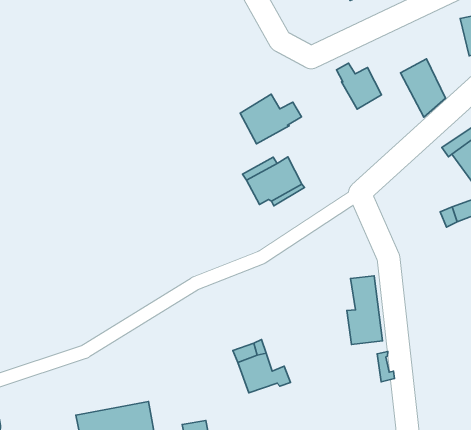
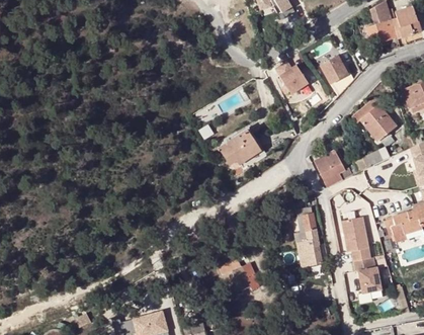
building: [240,94,302,144] -> none
building: none -> [313,150,351,186]
building: none -> [343,216,378,292]

